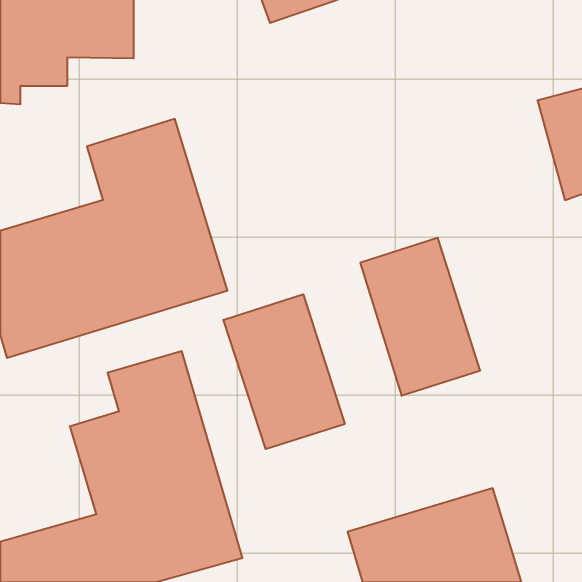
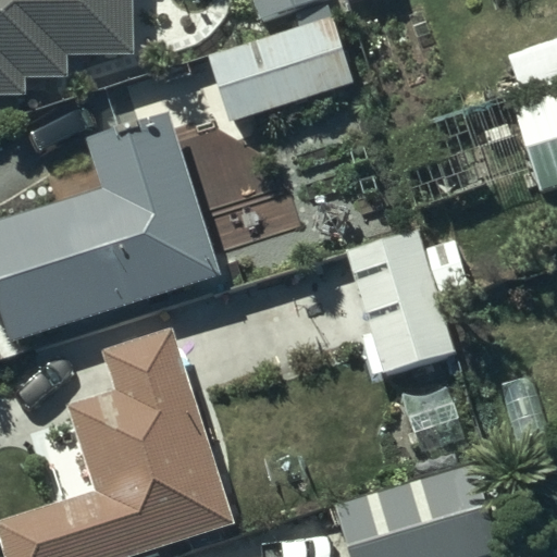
building: none -> [202,11,356,126]
building: [223,294,345,449] -> none

